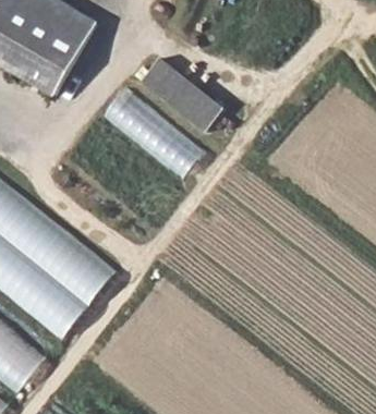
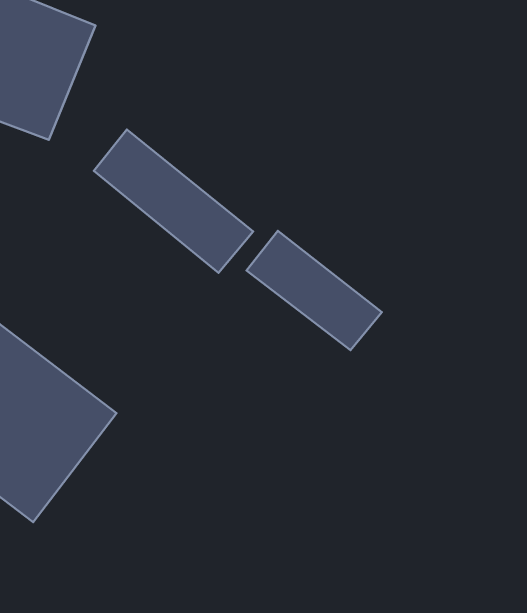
building: [134,53,219,129] -> [247,231,382,350]

